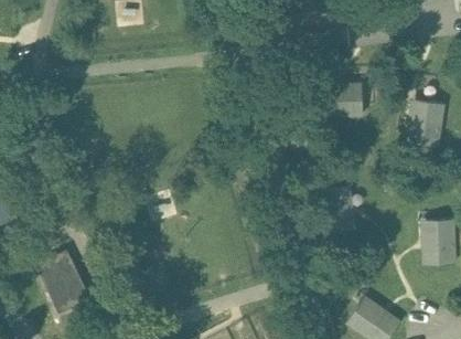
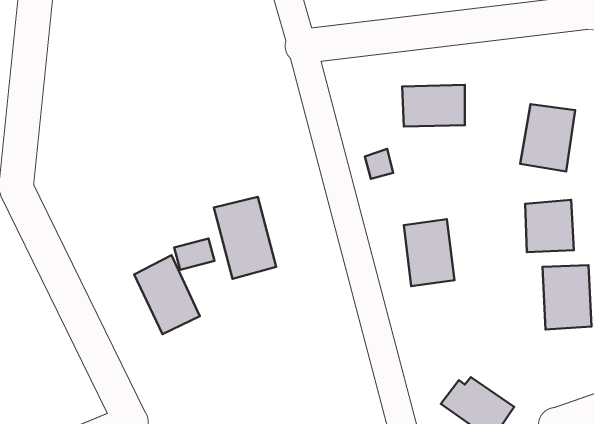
building: none -> [214,197,276,279]
building: none -> [525,200,574,252]
building: [37,252,86,310] -> [134,255,200,334]

